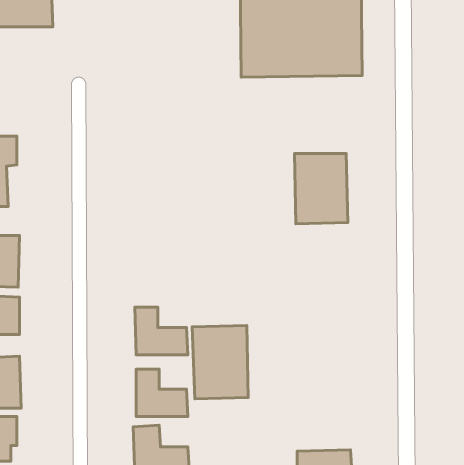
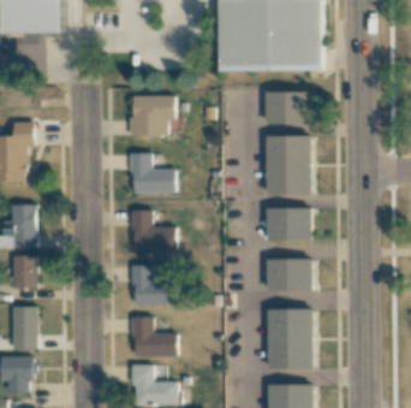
building: none -> [266,91,310,124]
building: none -> [130,95,174,136]
building: none -> [131,153,174,193]
building: none -> [267,207,312,240]
building: none -> [132,209,175,250]
building: none -> [267,258,312,291]
building: [192,325,248,399] -> [267,308,314,369]

